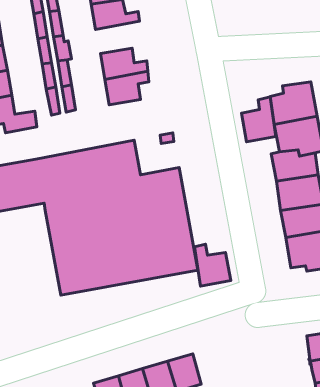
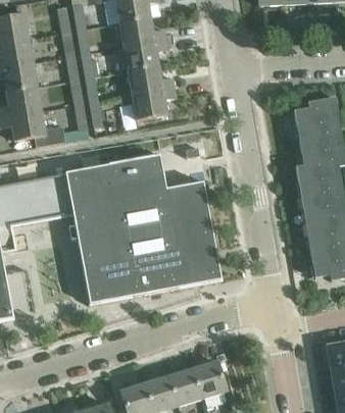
building: none -> [122,38,167,69]
building: [241,97,276,142] -> none
building: [194,244,231,286] -> none

